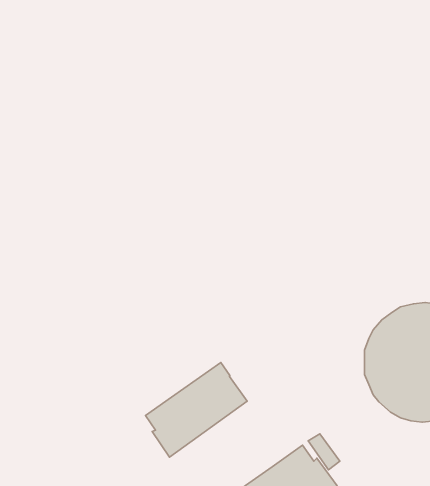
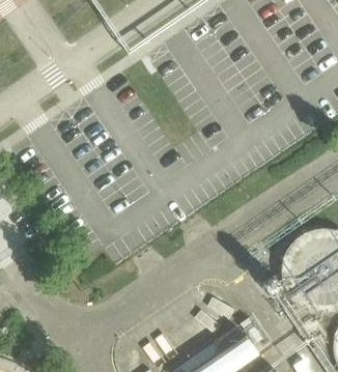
building: [145,362,247,457] -> none

